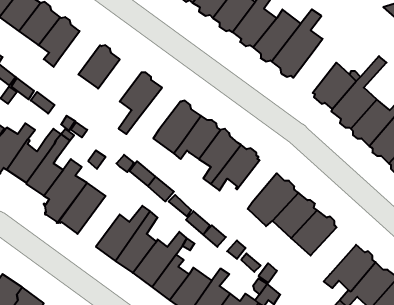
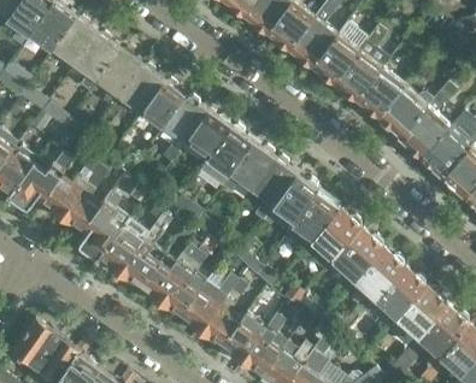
building: none -> [96,48,142,107]
building: none -> [357,67,405,118]
building: none -> [140,81,188,129]
building: none -> [187,112,231,159]
building: none -> [288,193,339,247]
building: none -> [117,212,171,289]
building: none -> [369,267,427,319]

